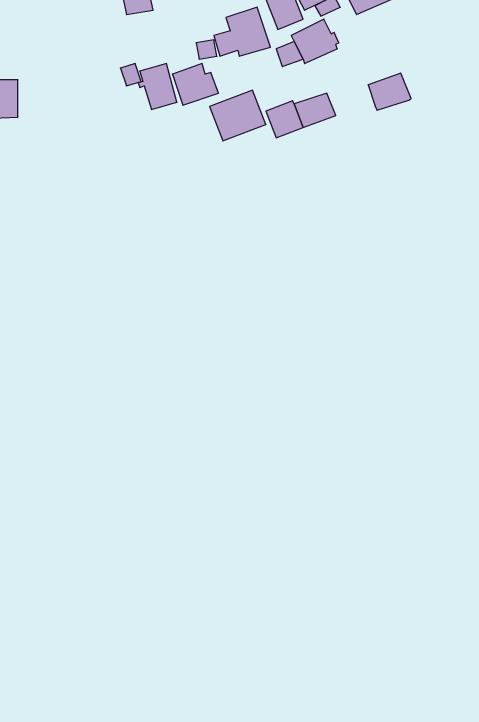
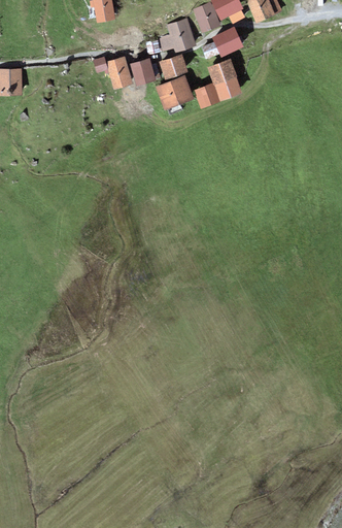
building: none -> [159,54,189,79]
building: [368,73,411,110] -> [207,59,237,85]

